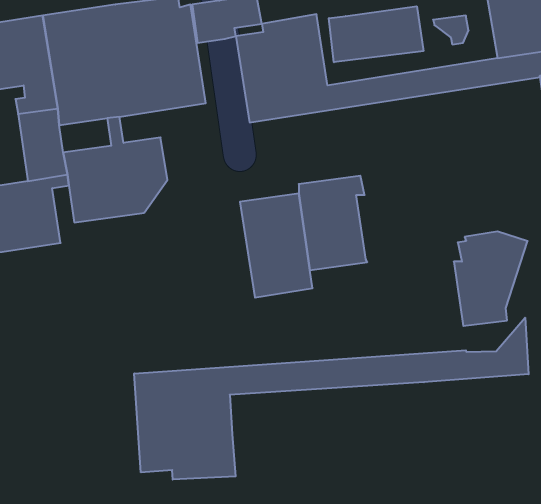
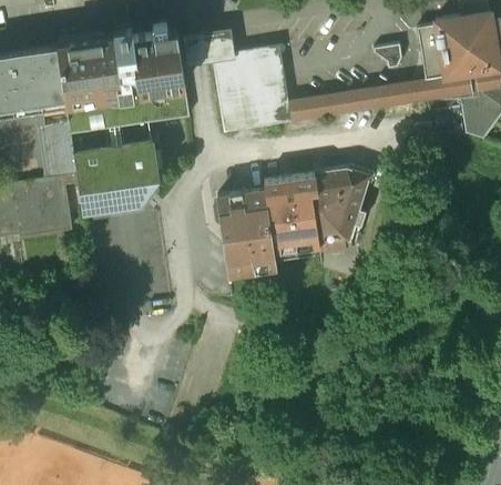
building: [329,6,423,62] -> none
building: [454,231,528,326] -> [310,166,370,243]
building: [134,318,529,480] -> none

